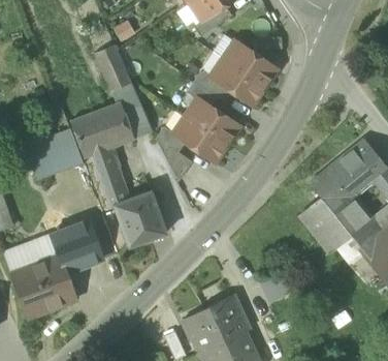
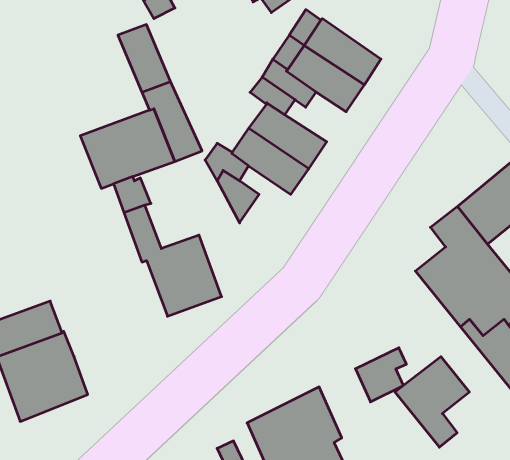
building: [29,128,85,179] -> none
building: [50,220,102,273] -> none
building: none -> [395,357,469,447]

